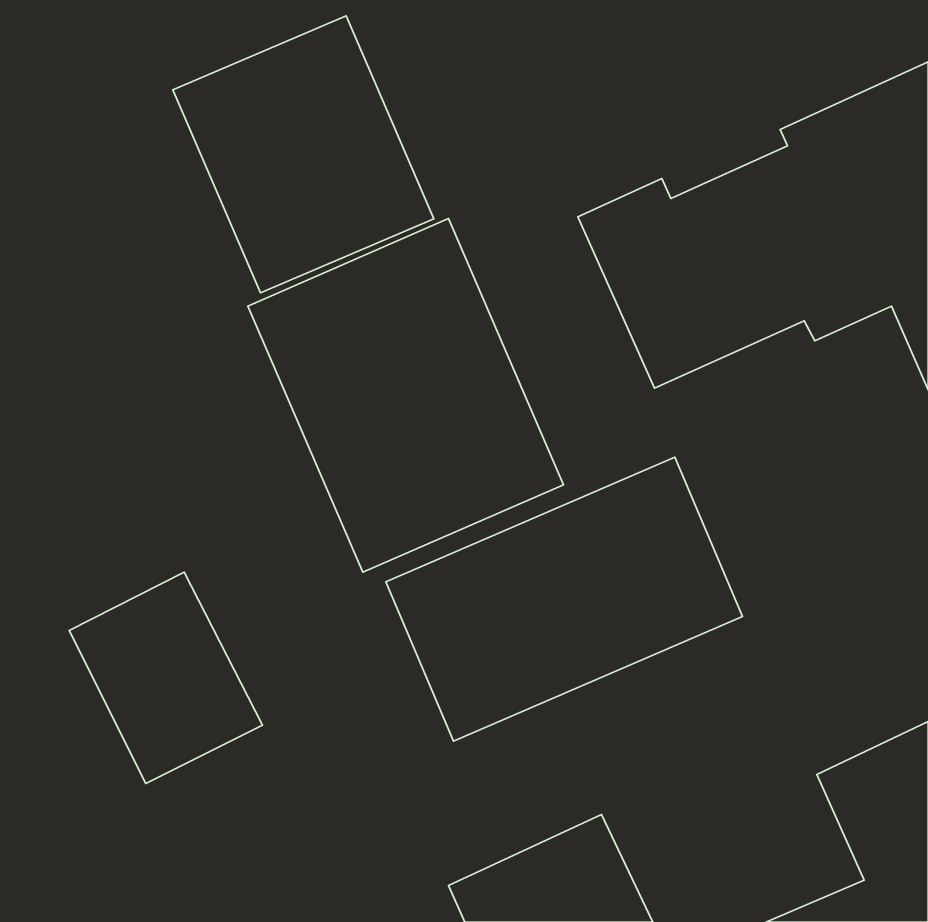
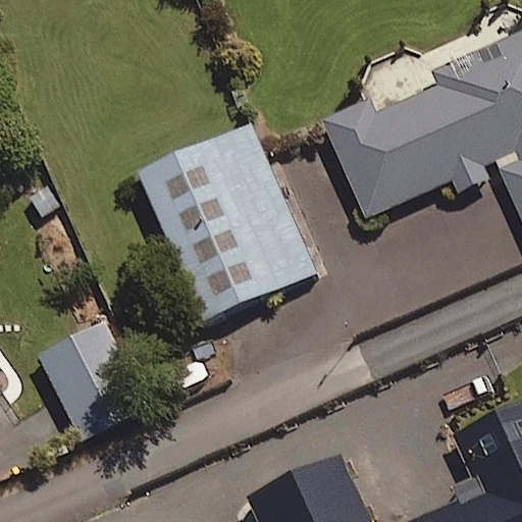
building: [173,16,434,293] -> none
building: [386,457,743,741] -> none

